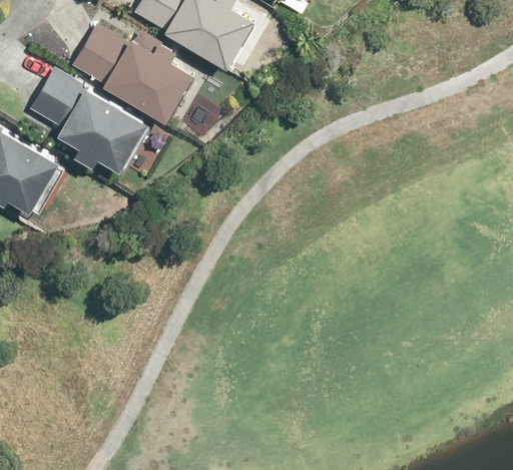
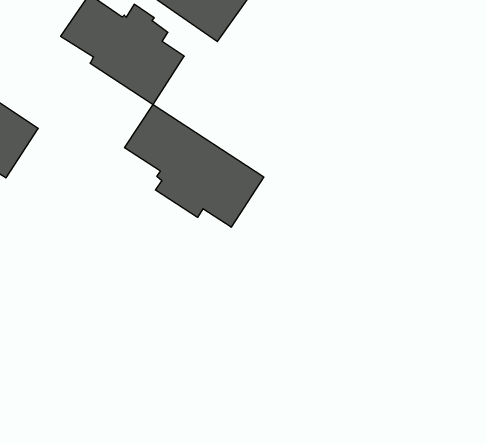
building: [30,68,146,170] -> none
building: none -> [125,104,264,227]

